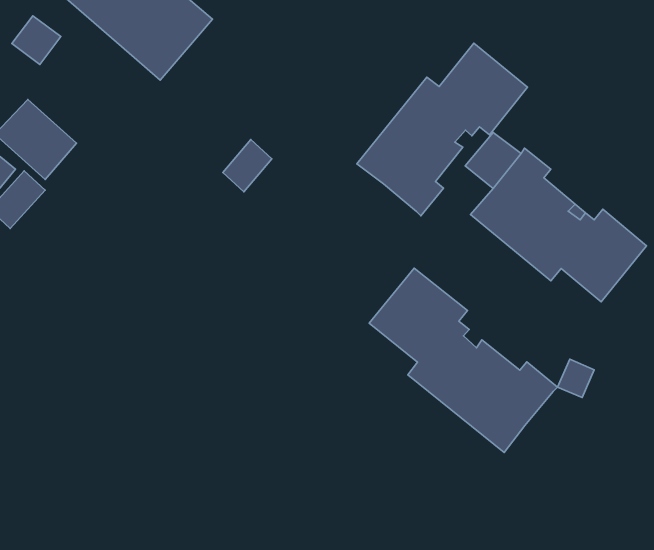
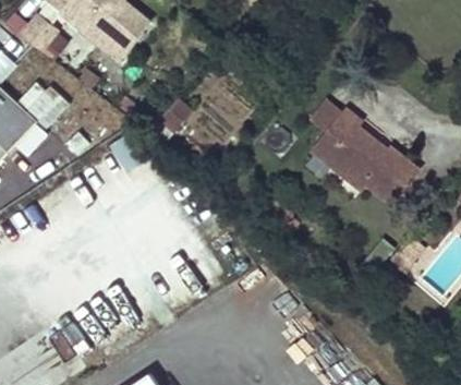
building: [357,43,528,216] -> none
building: [369,268,558,453] -> none

